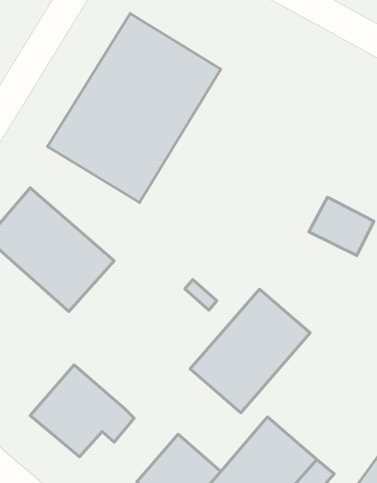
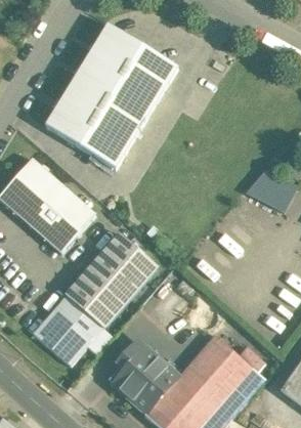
building: [190,289,310,413] -> [66,232,158,328]

